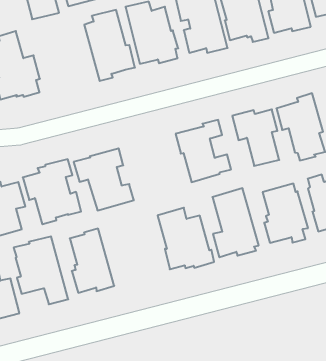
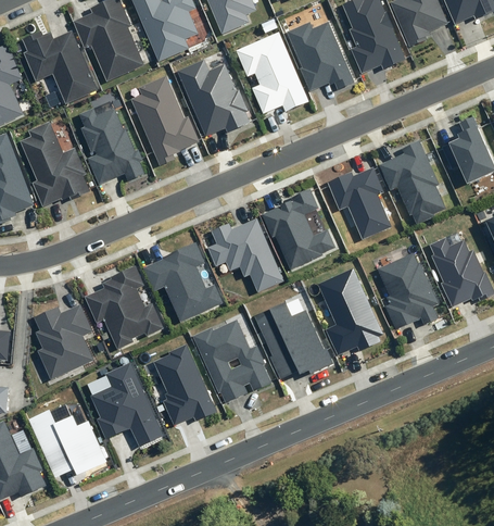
building: none -> [80,109,145,185]
building: none -> [206,218,283,291]
building: none -> [193,320,271,402]

